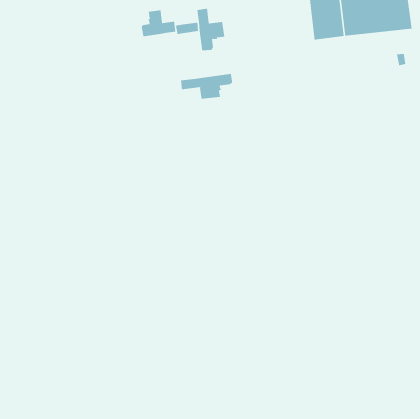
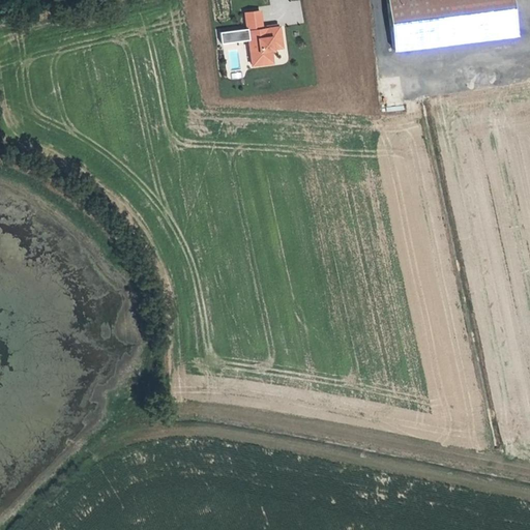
building: [141,10,176,37] -> none
building: [180,73,233,100] -> none

